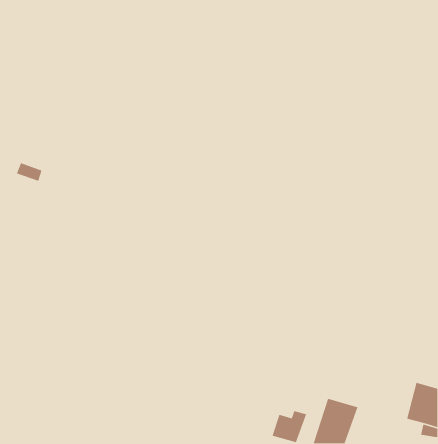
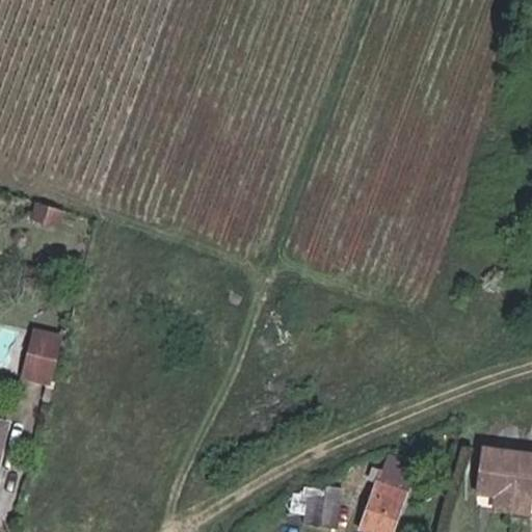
building: none -> [14,335,53,381]

